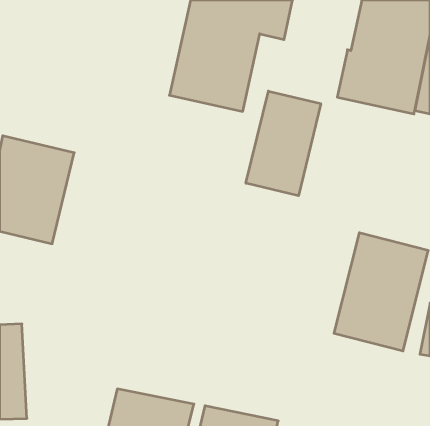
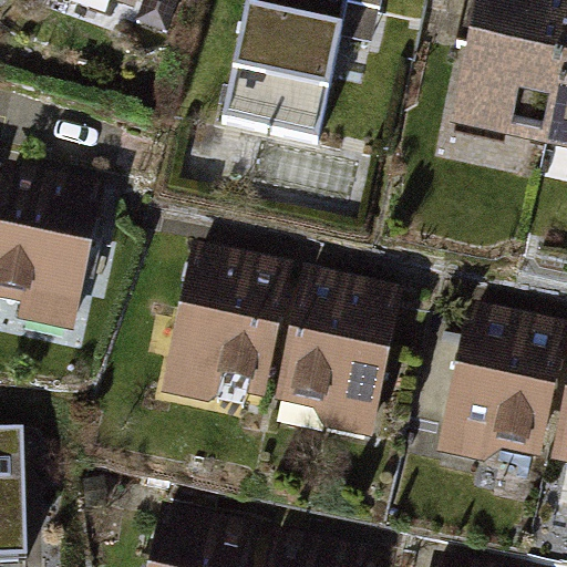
building: [246,91,321,196] -> none
building: none -> [158,254,286,404]
building: none -> [268,279,396,437]

